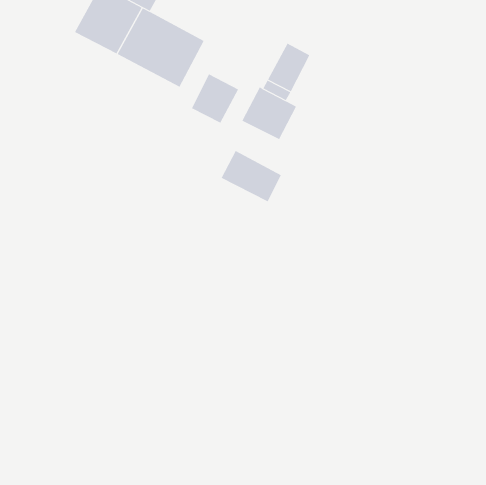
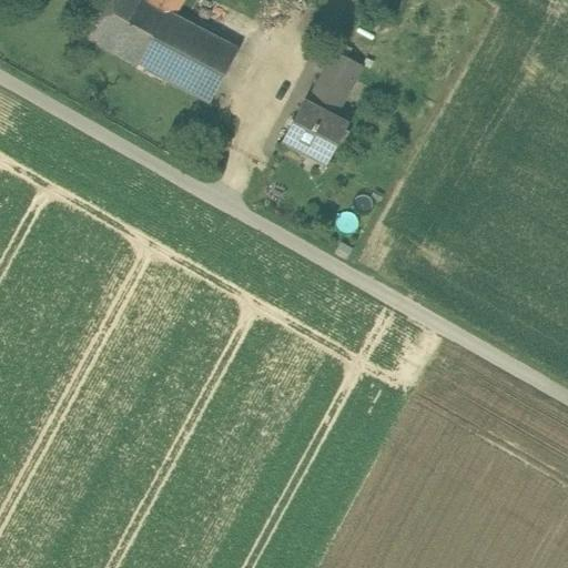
building: [191,73,239,123] -> none
building: [221,150,282,202] -> none

